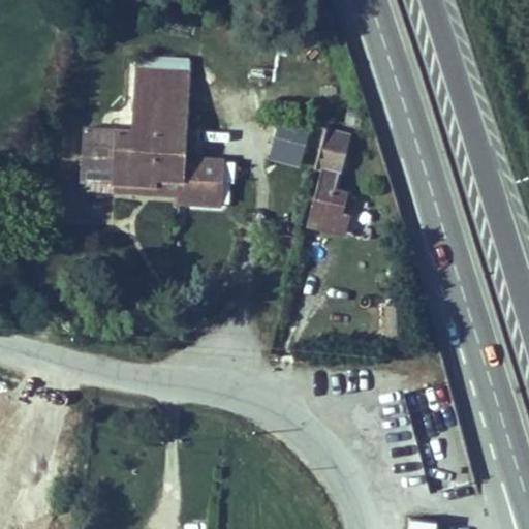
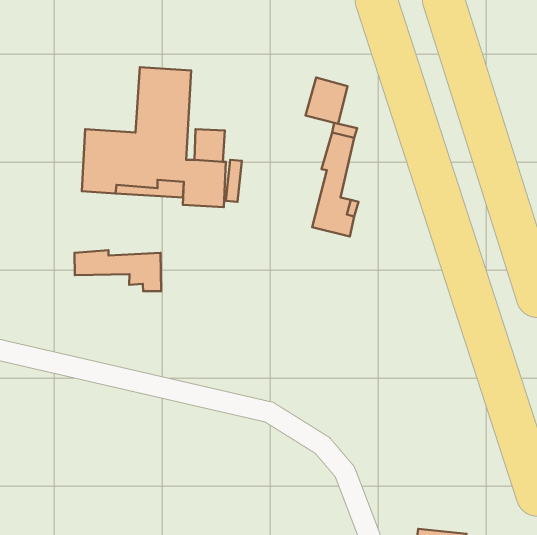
building: [269,120,310,165] -> [306,78,348,124]
building: none -> [75,250,161,291]

